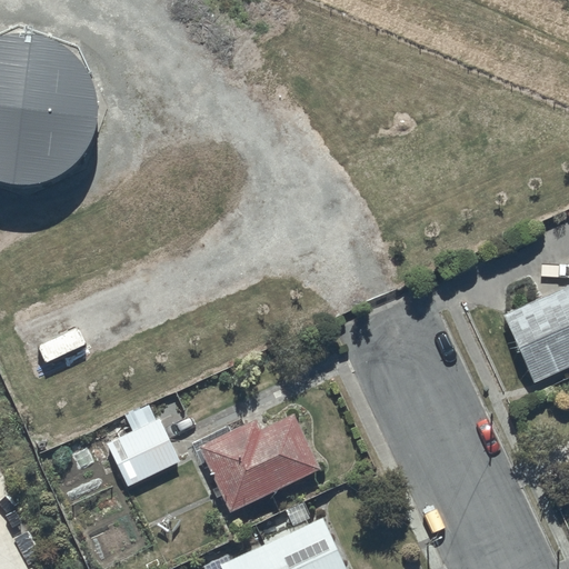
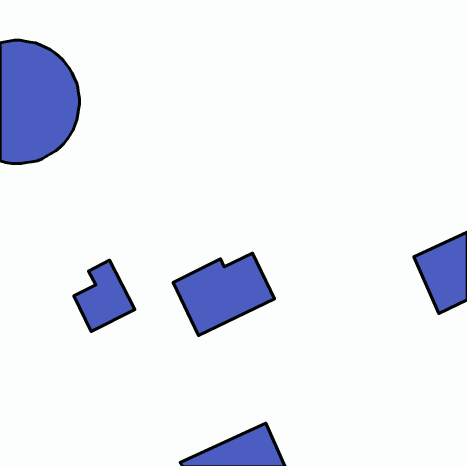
building: [106,400,180,487] -> [74,260,135,332]
building: [198,411,321,511] -> [173,253,274,336]

